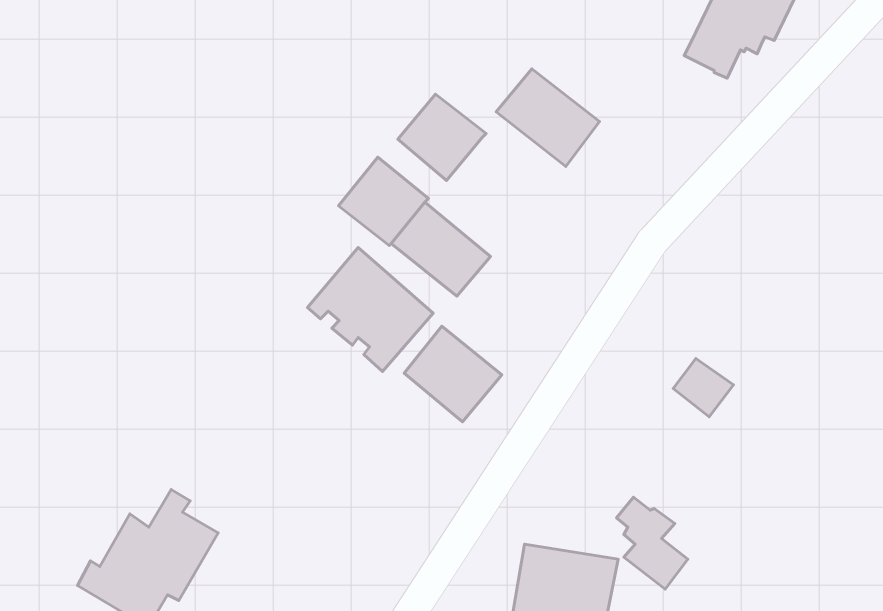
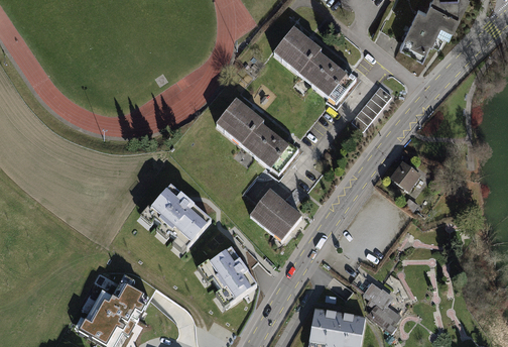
building: [398,94,486,181] -> [273,28,321,75]
building: none -> [352,85,395,130]
building: [307,247,433,371] -> [143,186,211,252]
building: [673,359,733,417] -> [390,161,422,193]
building: none -> [201,249,258,309]

